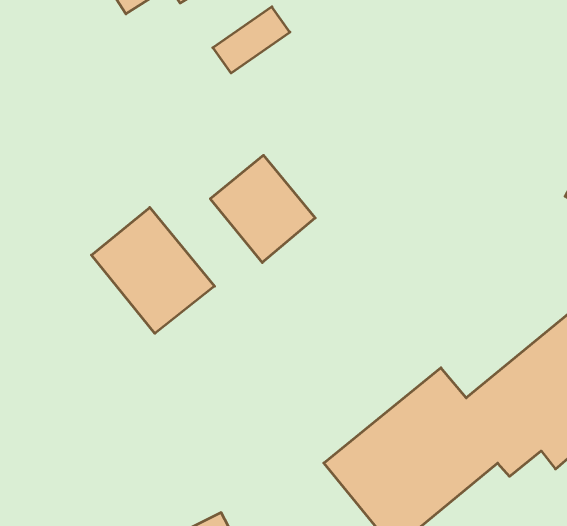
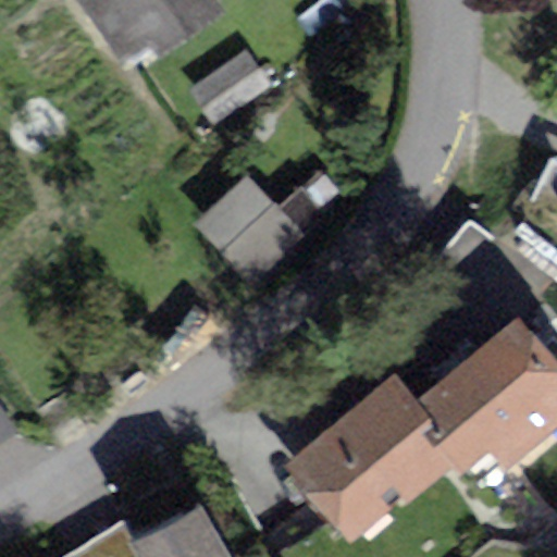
building: [91,207,215,333] -> none

